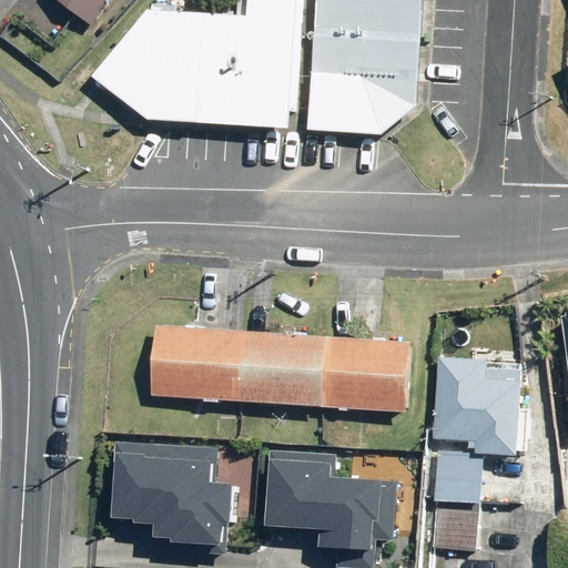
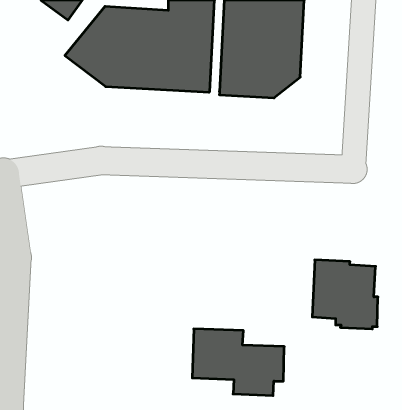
building: [151,328,409,410] -> none
building: [118,448,245,545] -> none
building: [426,453,479,550] -> none

